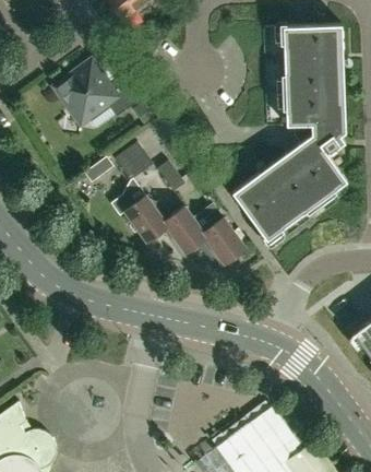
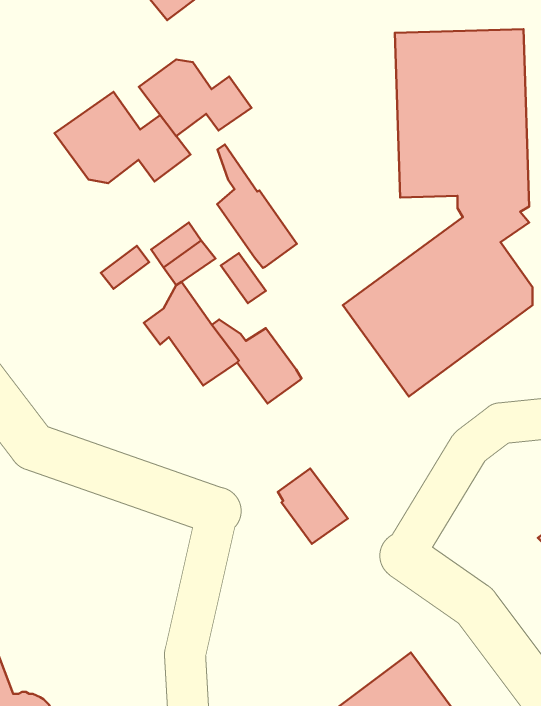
building: none -> [139,60,252,136]
building: none -> [217,145,297,268]
building: [203,219,246,264] -> [278,468,348,544]

